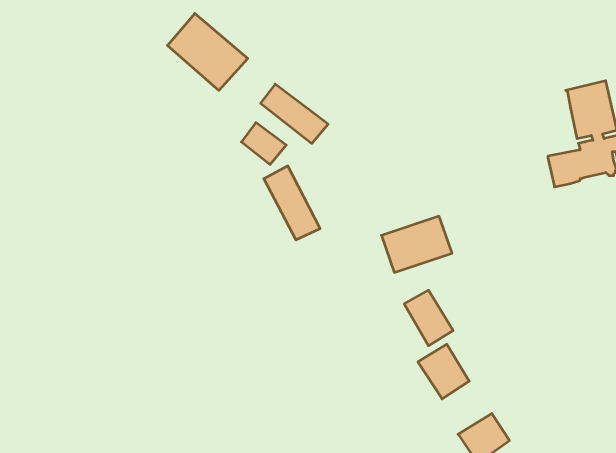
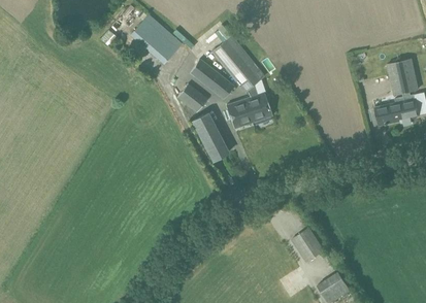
building: none -> [211,39,264,92]
building: [381,216,452,272] -> [226,92,271,128]
building: [404,290,453,346] -> none

